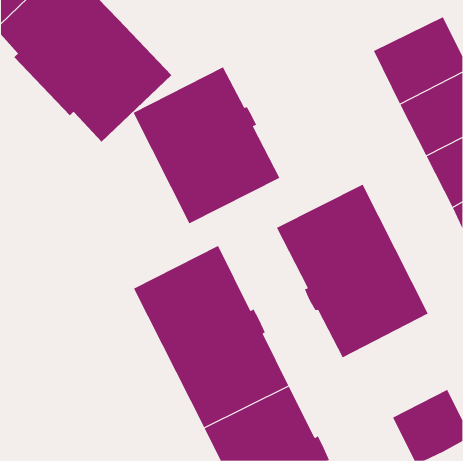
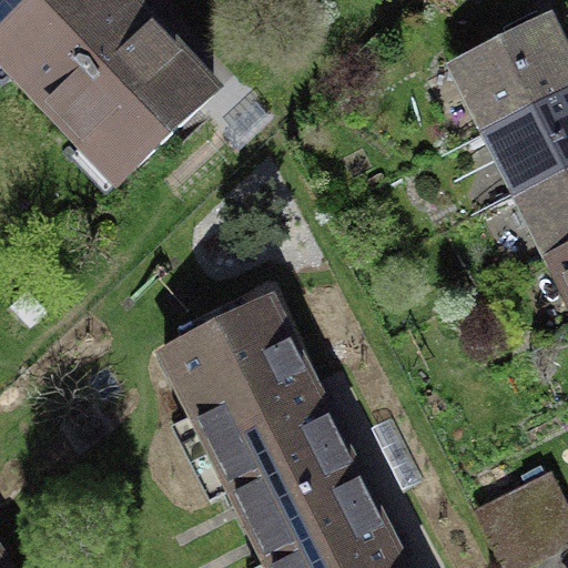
building: [133,66,280,224] -> none
building: [276,184,428,358] -> none

